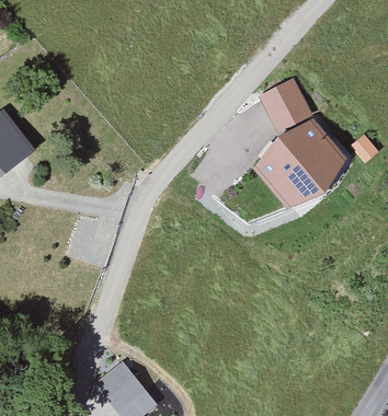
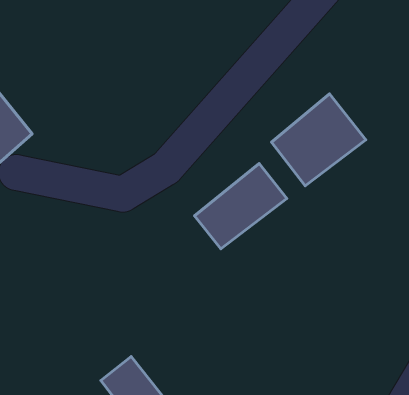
building: [261,83,309,131] -> none
building: none -> [194,163,287,249]

